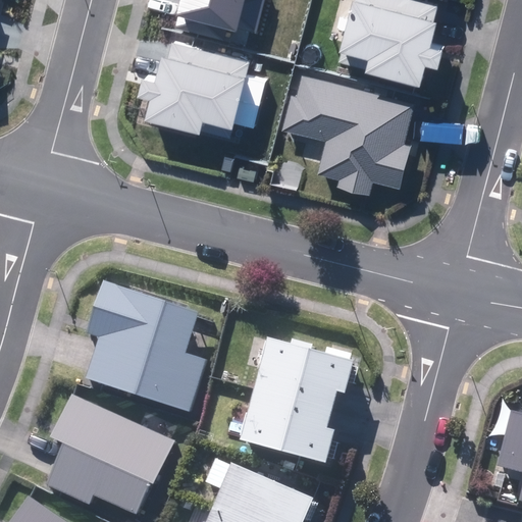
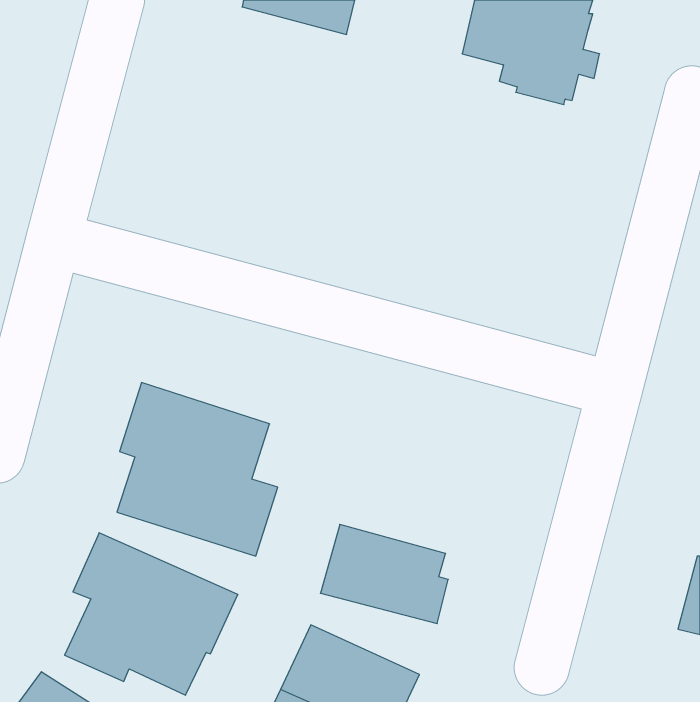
building: [143,32,253,122] -> none
building: [283,66,414,188] -> none
building: [252,338,351,411] -> none

